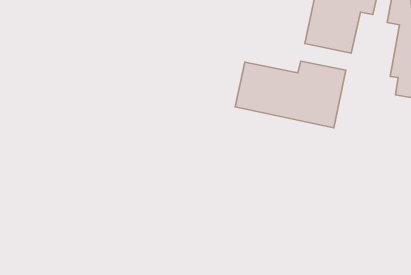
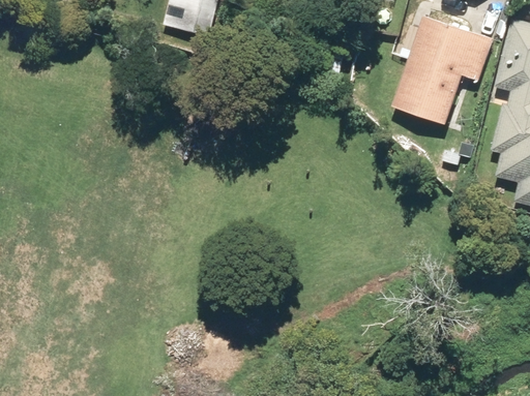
building: [235,61,346,128] -> none

